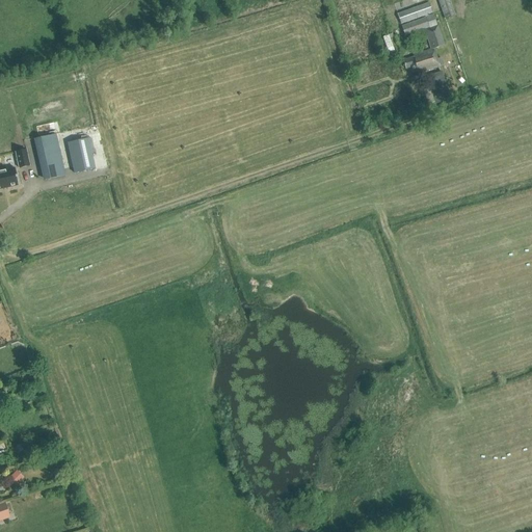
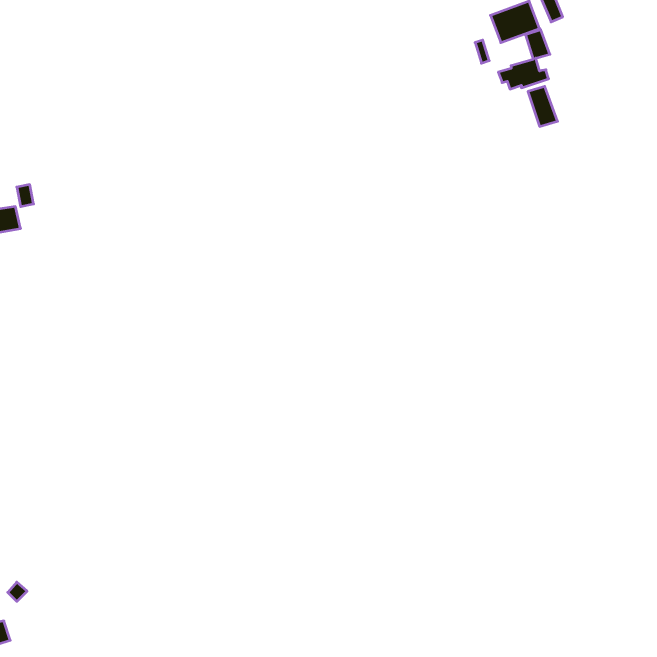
building: [33,133,63,178] -> none
building: [65,136,92,171] -> none

